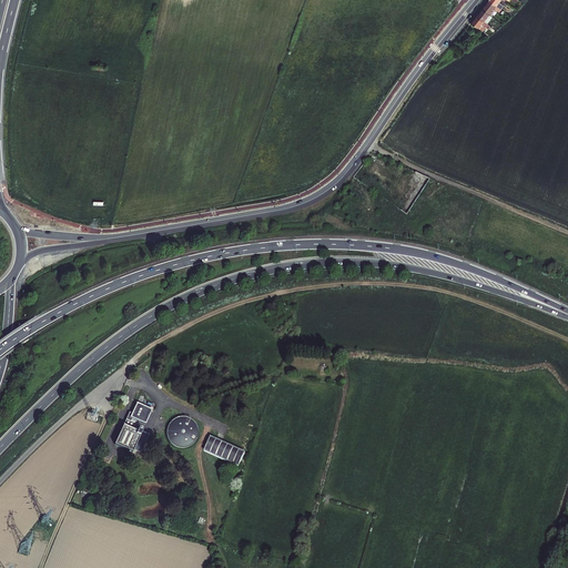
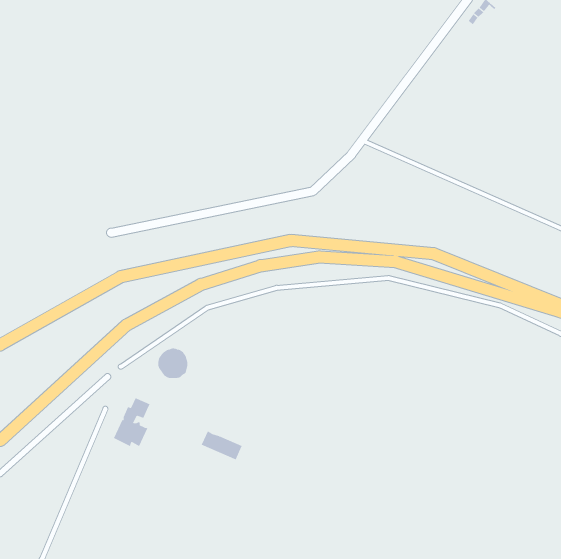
building: [166,415,197,446] -> [158,348,188,379]

